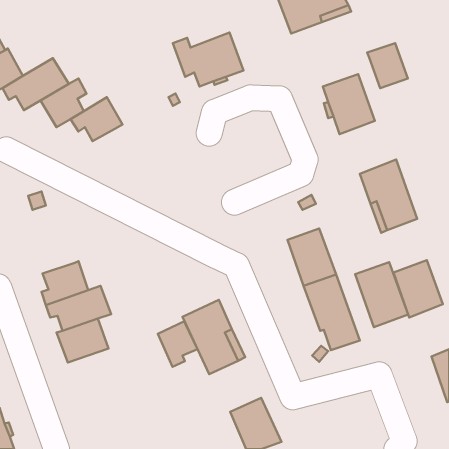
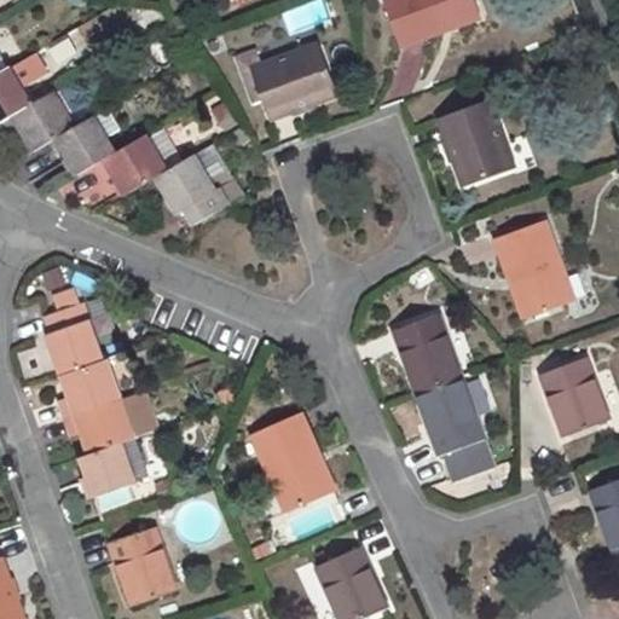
building: [367,43,408,88] -> none
building: none -> [157,144,244,225]
building: none -> [44,302,103,375]
building: [355,262,408,327] -> none
building: [158,321,198,367] -> none
building: none -> [109,526,174,603]

